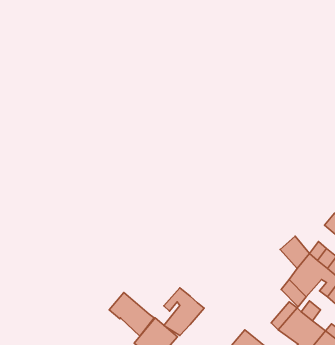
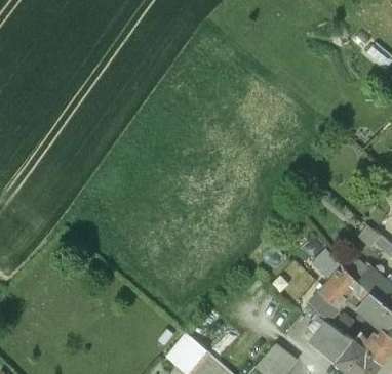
building: [164,288,204,336] -> none
building: [109,292,154,336] -> none

